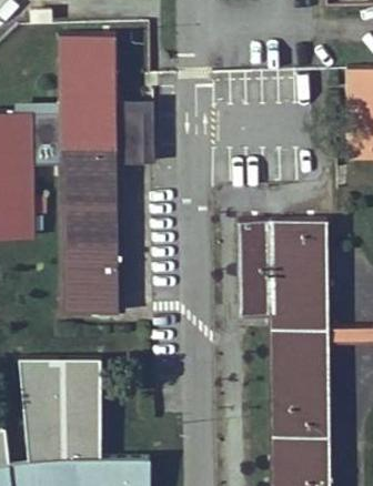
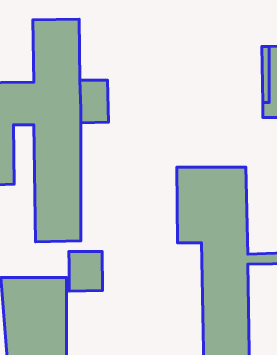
building: none -> [69,251,102,291]

